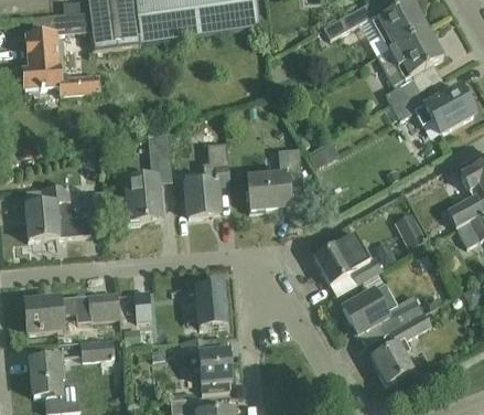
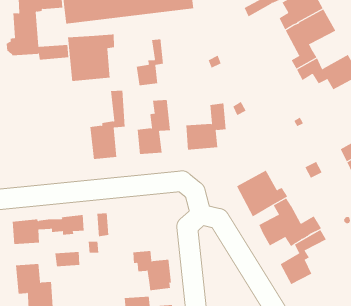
building: none -> [67,34,114,82]
building: none -> [136,38,164,86]
building: [26,183,93,237] -> none
building: [196,283,226,324] -> none

